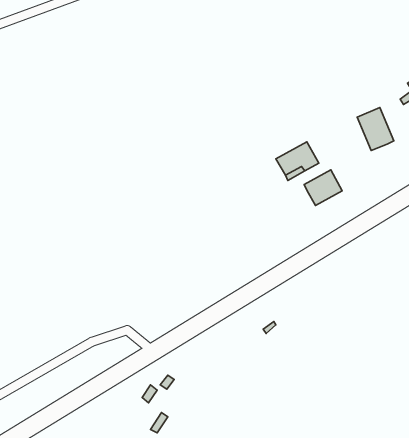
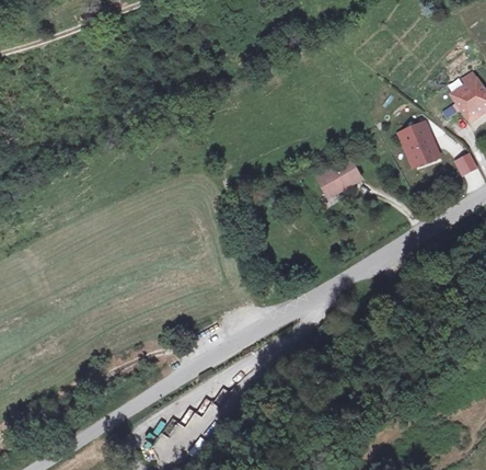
building: [304,170,342,206] -> none

